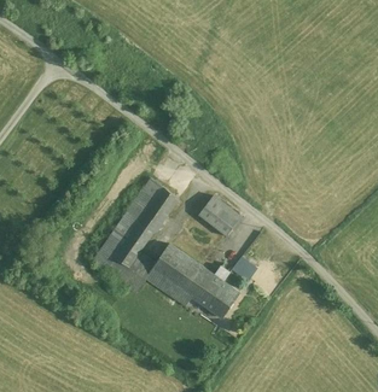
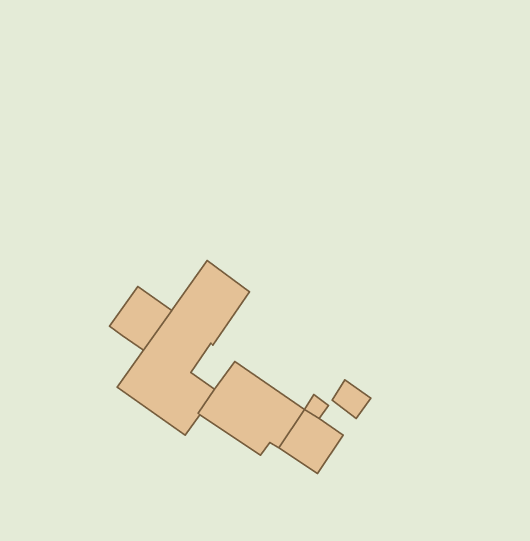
building: none -> [110,287,172,350]
building: [197,195,240,236] -> none

